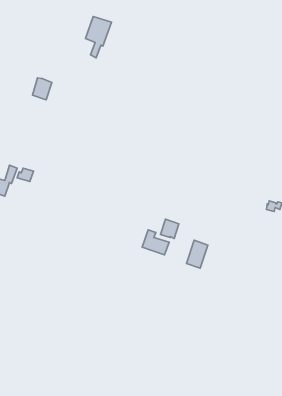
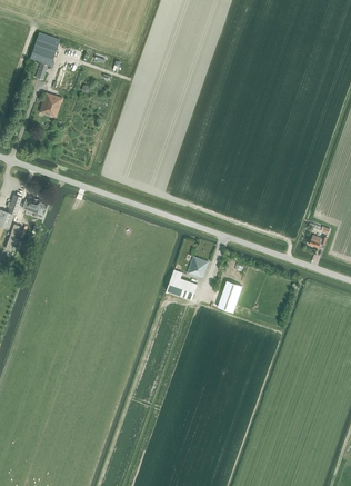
building: [86,16,112,58] -> [29,32,59,80]

